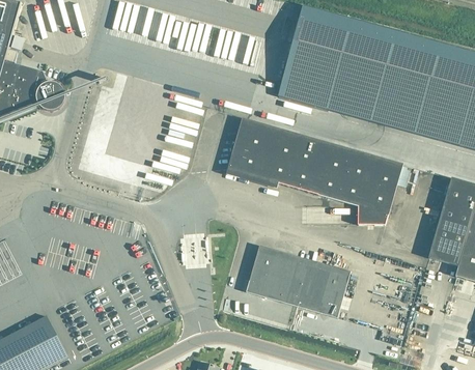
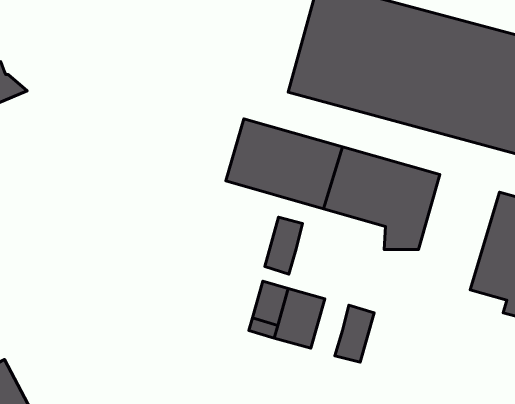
building: [297,265,328,312] -> [265,217,303,274]

